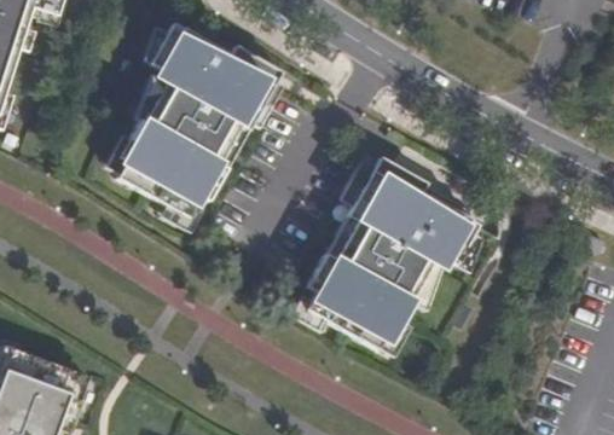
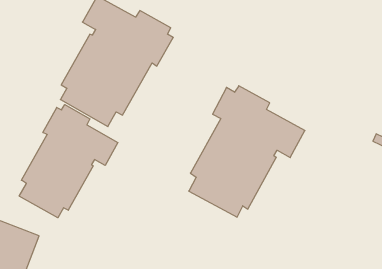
building: none -> [19,105,118,218]

